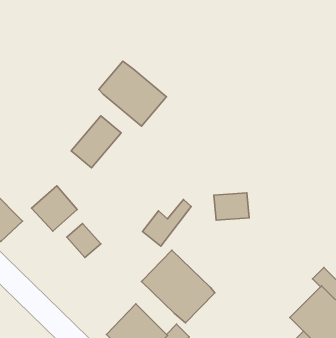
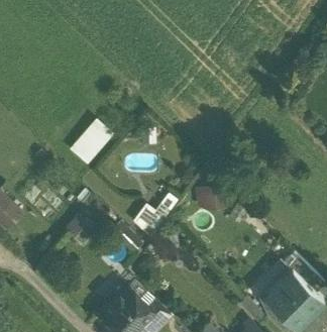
building: [99,61,166,126] -> none
building: [31,186,77,231] -> none
building: [141,250,215,323] -> none

